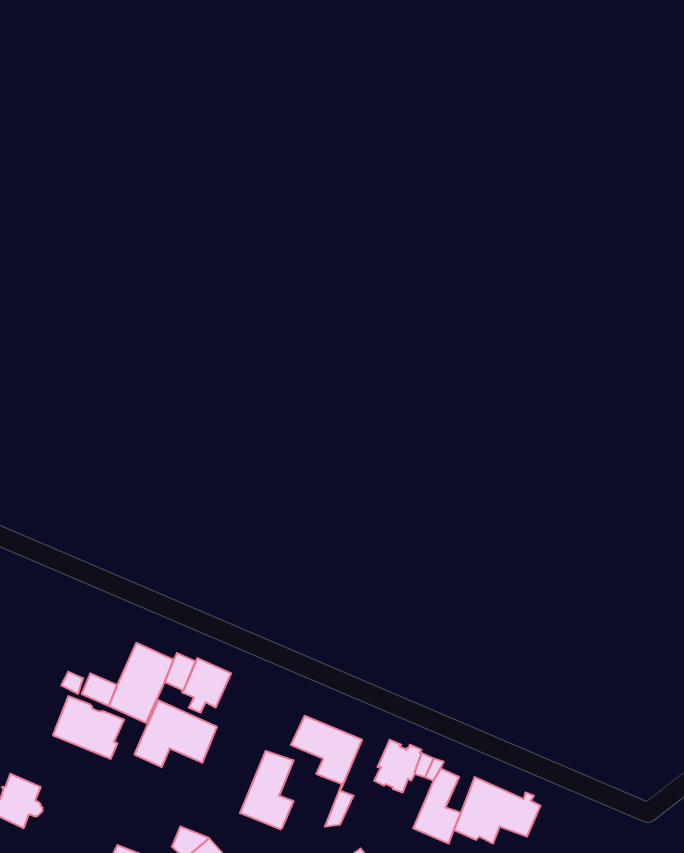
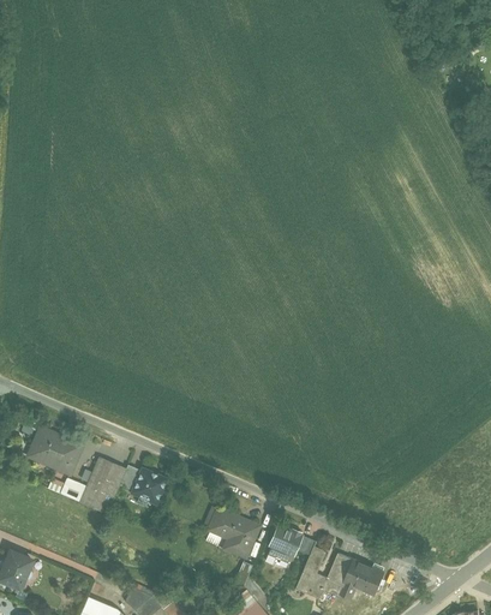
building: [53,696,124,759] -> [28,428,78,472]
building: [135,700,217,767] -> none
building: [240,751,293,829] -> none

